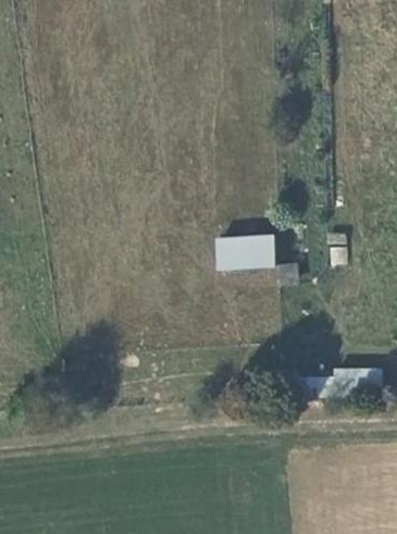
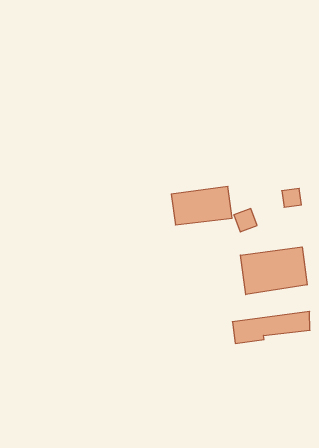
building: none -> [240,247,307,295]

